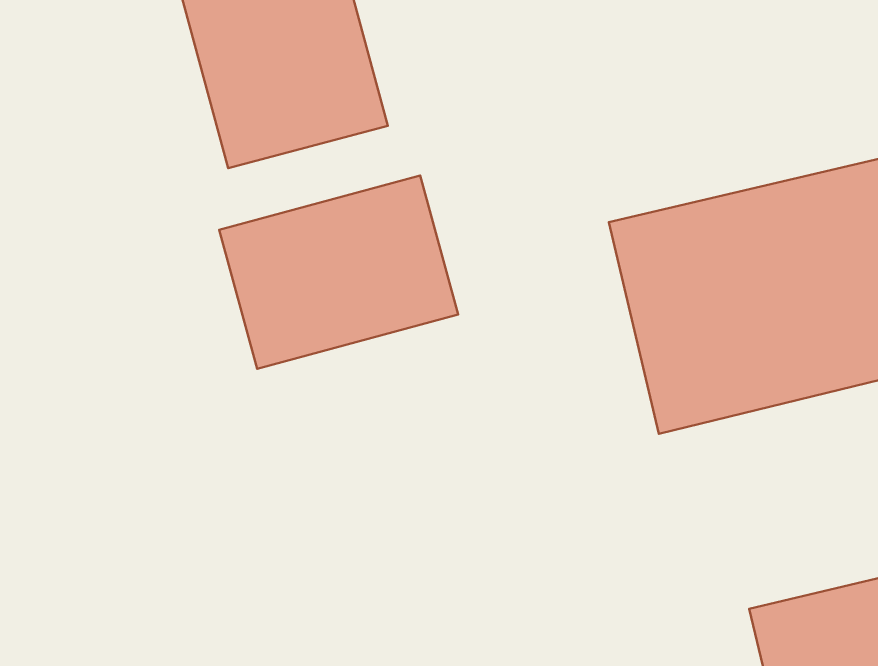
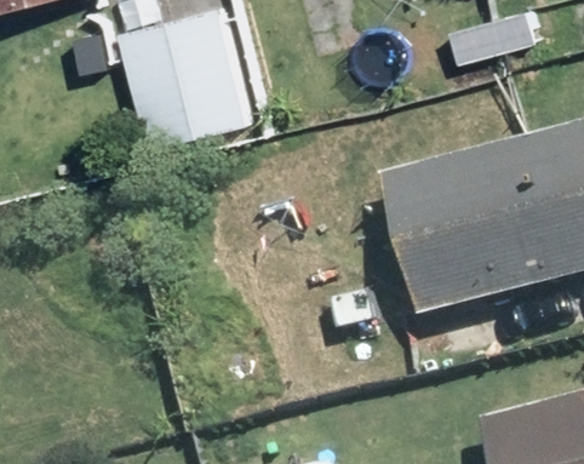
building: [219,176,458,369] -> none

